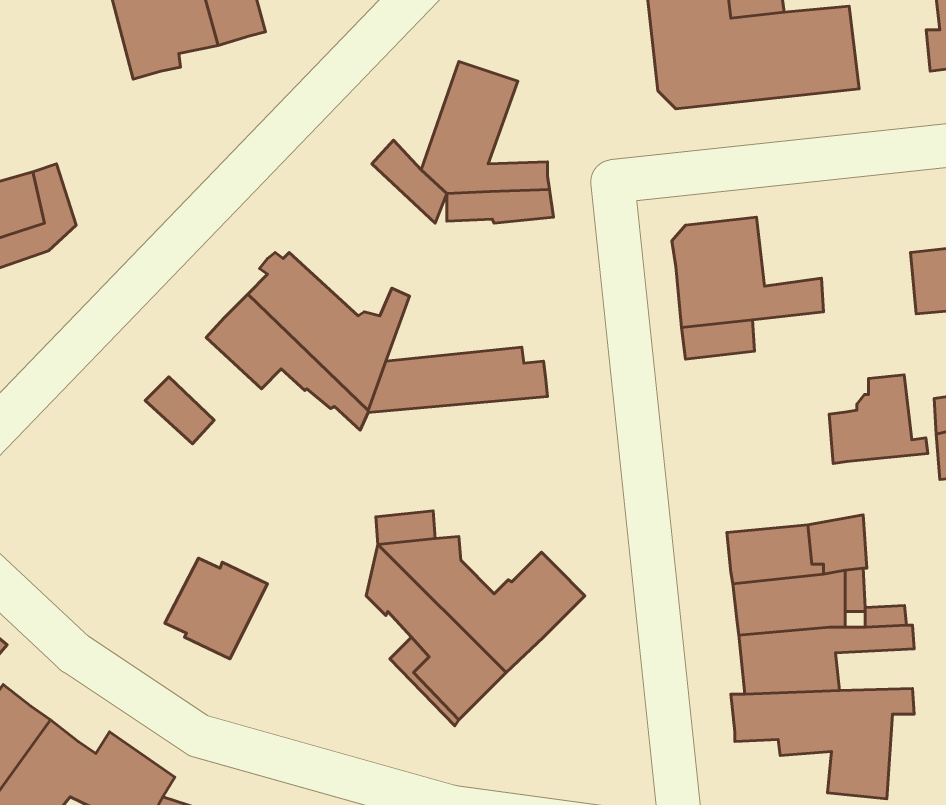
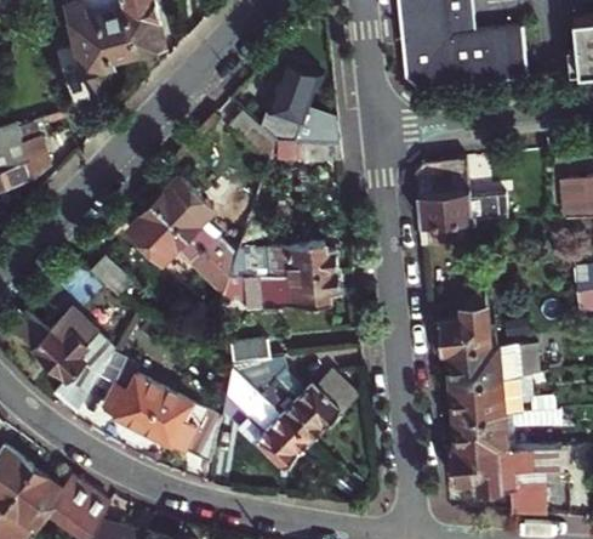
building: [829,375,928,463] -> [437,300,497,354]
building: none -> [222,270,338,317]
building: none -> [11,305,109,413]
building: none -> [142,385,221,464]

